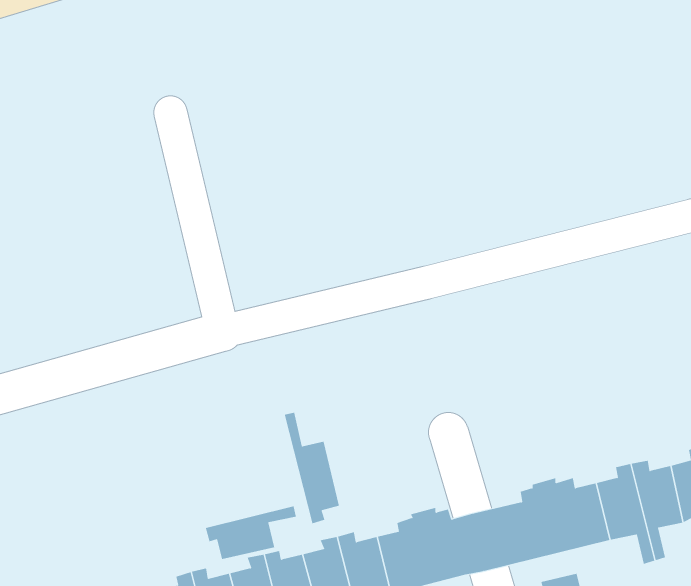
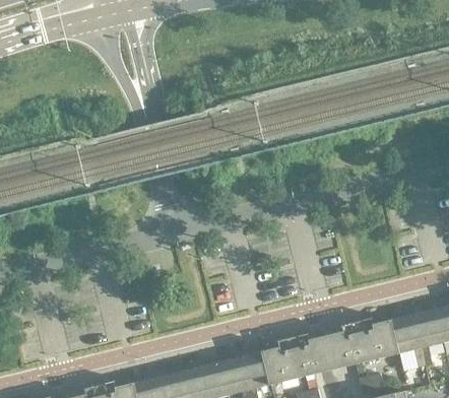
building: [284,412,340,524] -> none
building: [205,505,296,560] -> none

